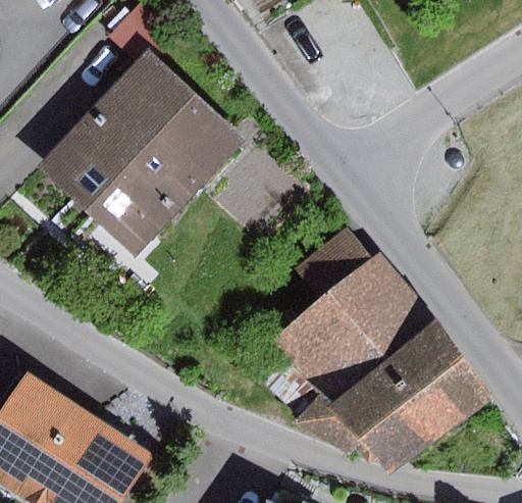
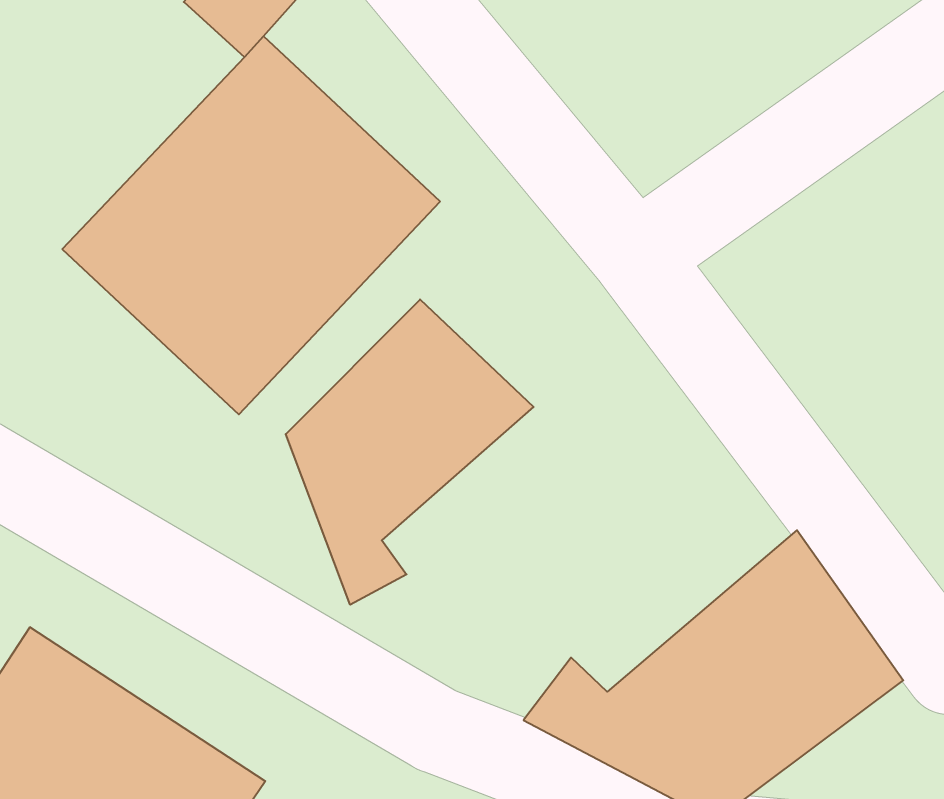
building: none -> [286,299,534,605]
building: [267,222,435,405] -> none

